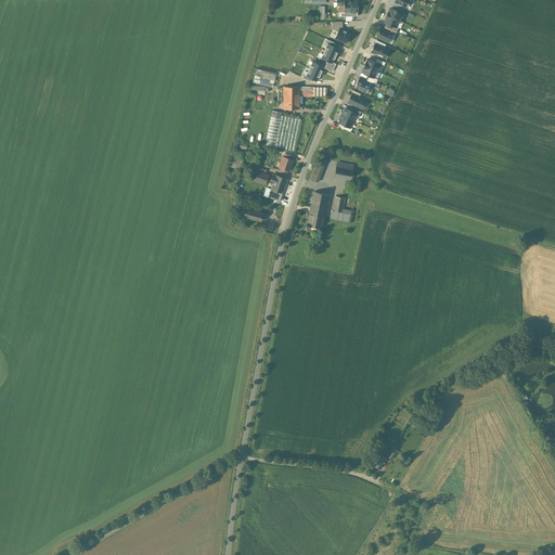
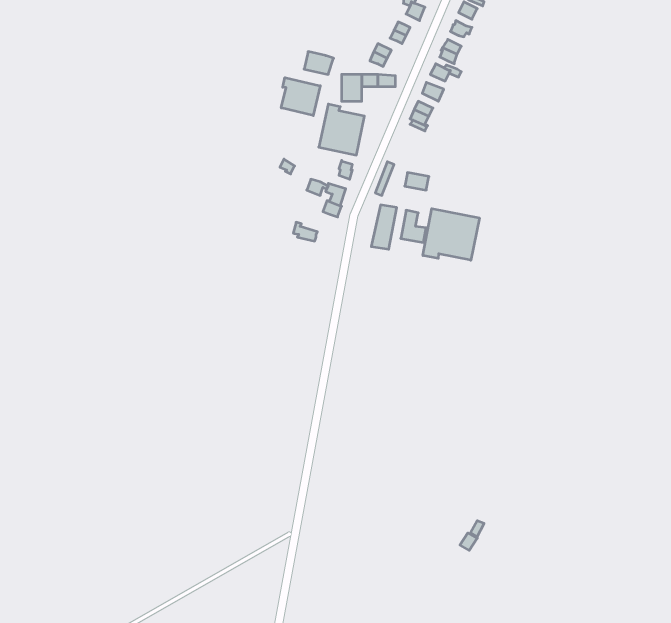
building: none -> [281,78,320,116]
building: none -> [423,209,479,260]

